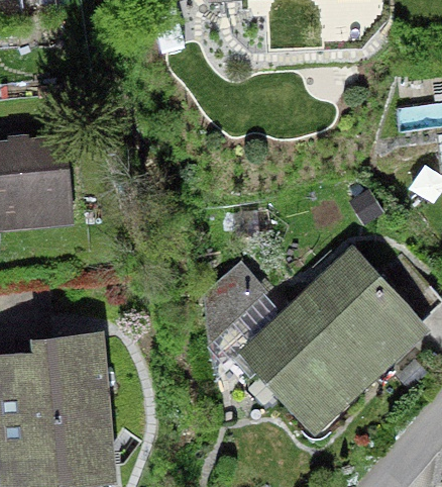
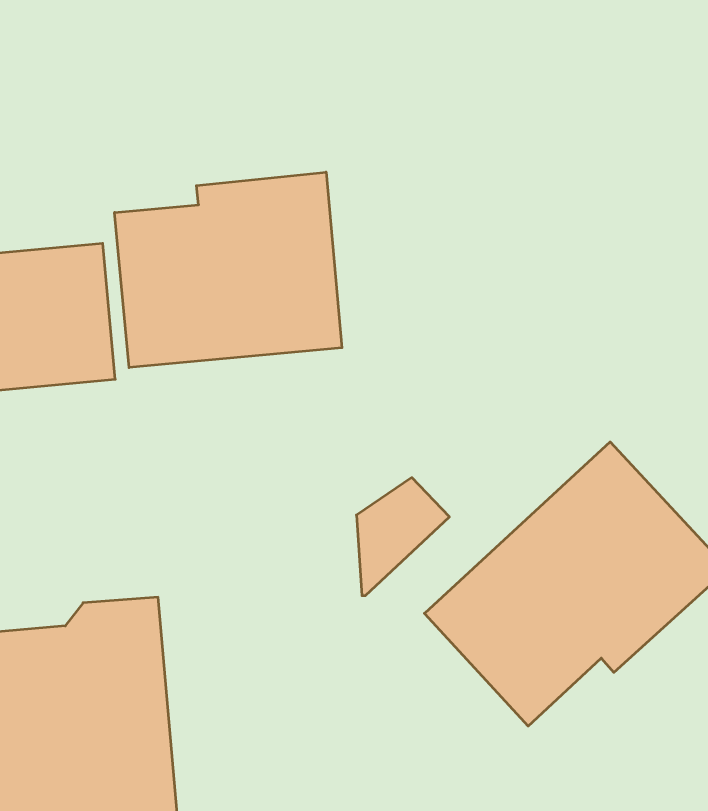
building: none -> [115,172,342,368]

